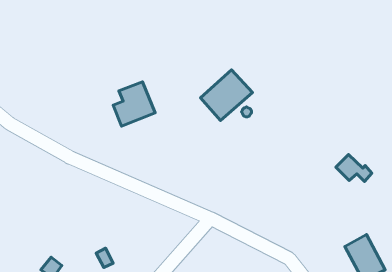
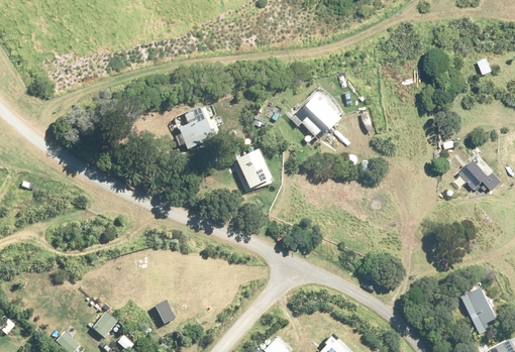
building: none -> [231,151,266,192]
building: [336,155,372,181] -> [458,159,502,192]

